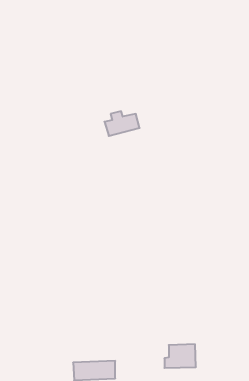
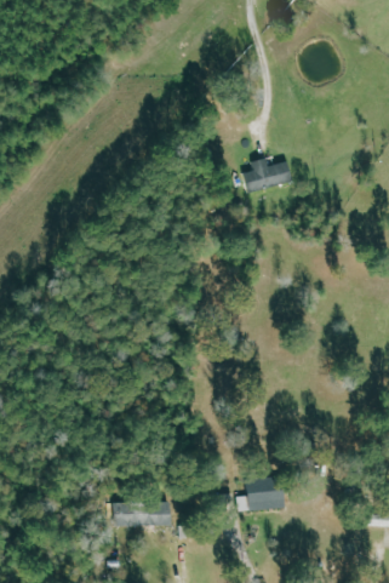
building: [104,111,140,136] -> [241,159,290,193]

